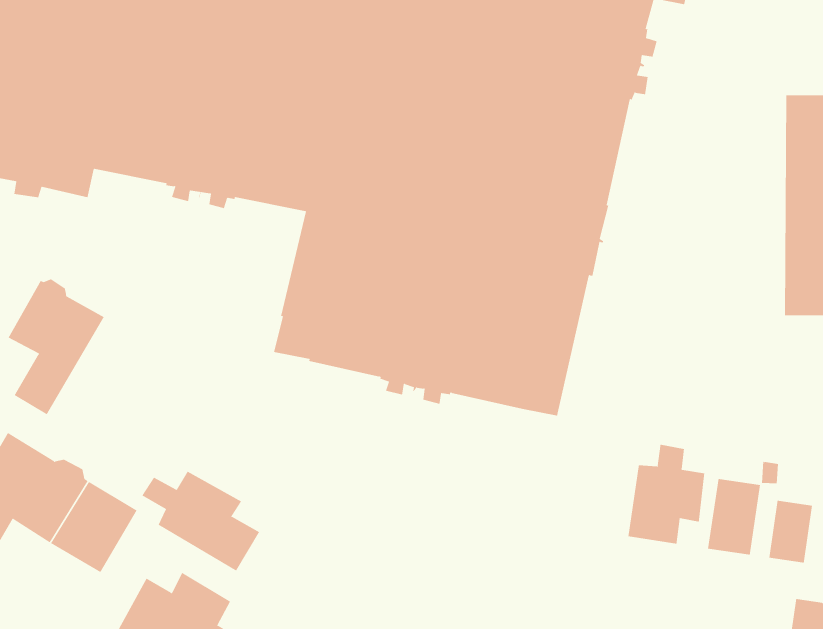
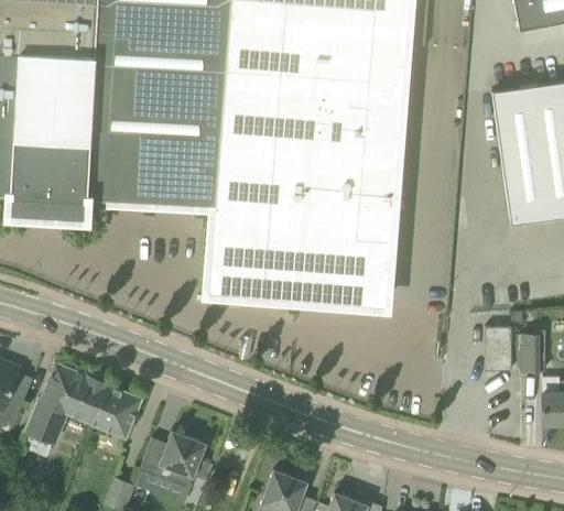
building: [8,279,105,415] -> none
building: [628,444,705,544] -> none
building: [141,471,260,571] -> none

